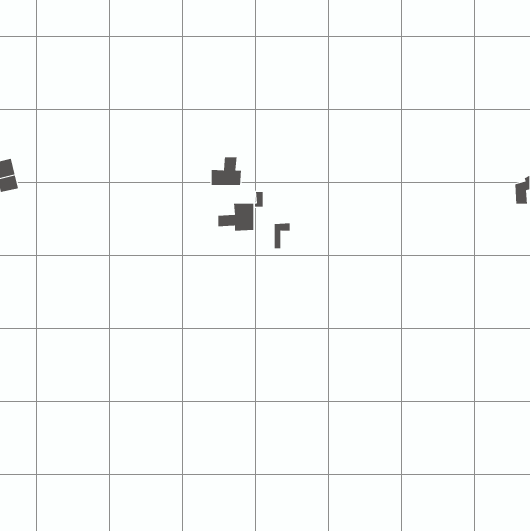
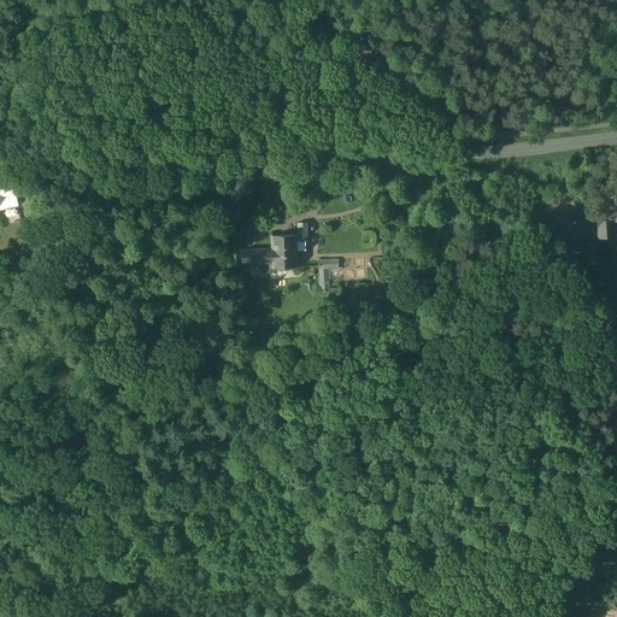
building: [211,157,242,186] -> none

